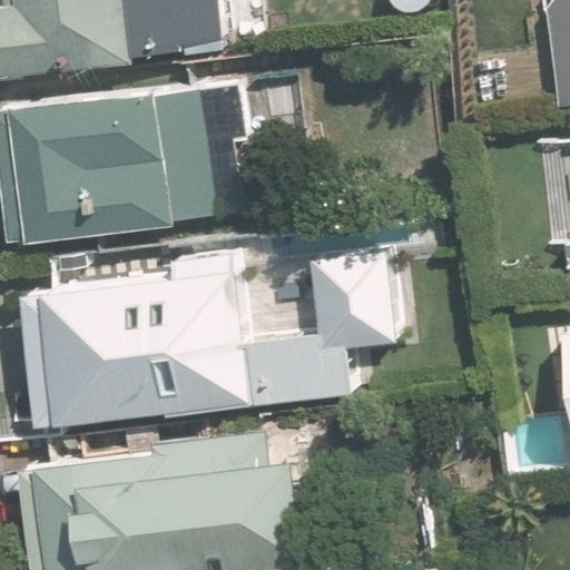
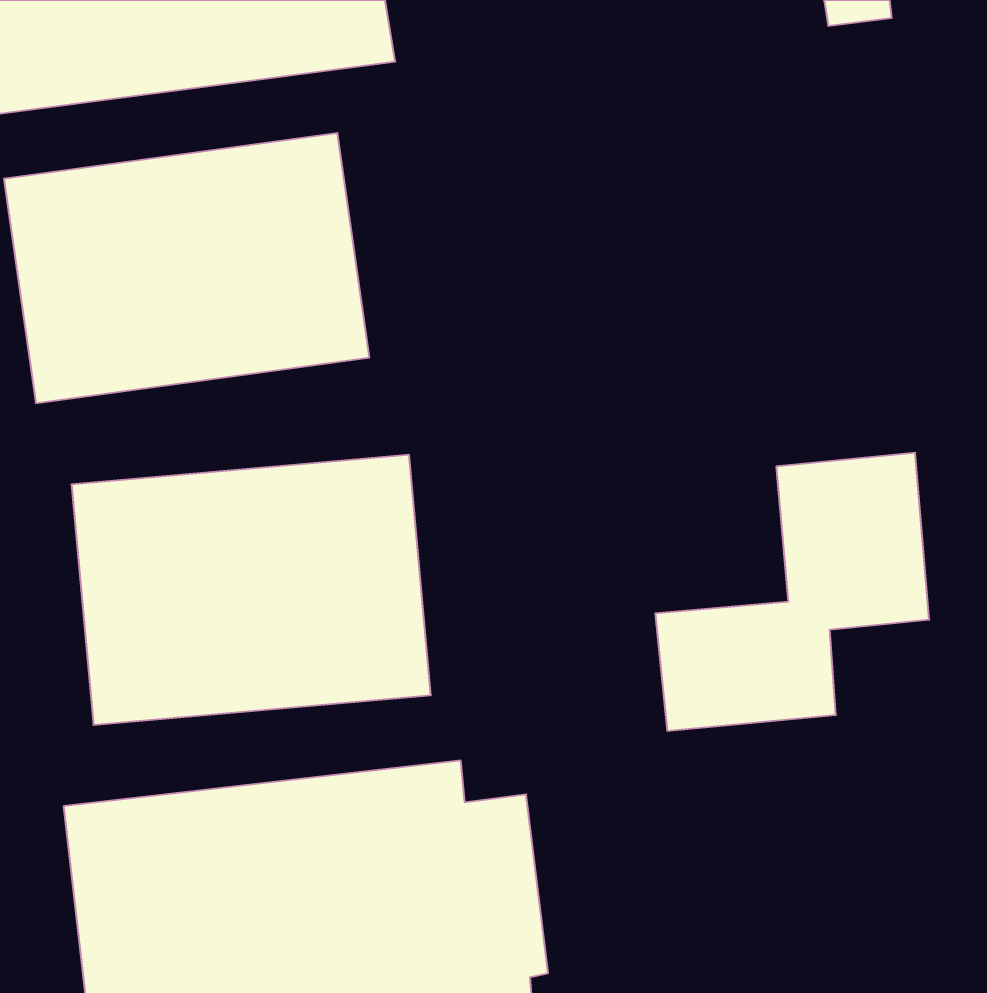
building: [239,250,393,406] -> [655,453,929,731]

